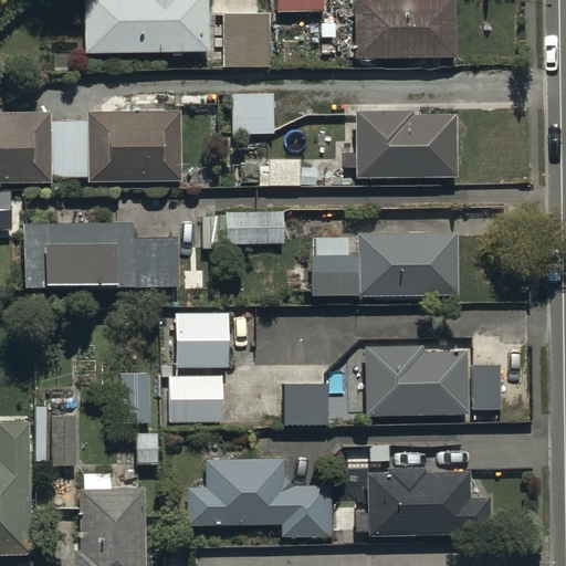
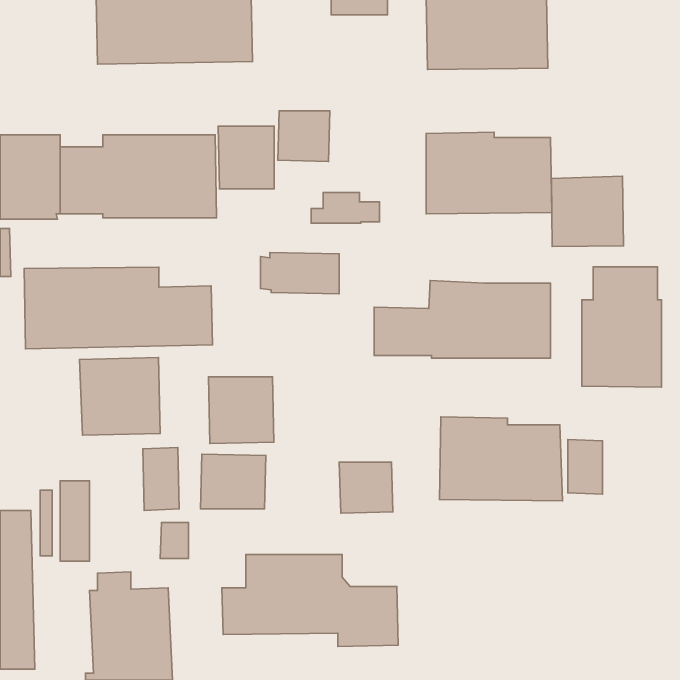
building: [223,13,270,65] -> [218,126,274,189]
building: none -> [551,176,623,247]
building: none -> [582,267,661,387]
building: none -> [79,358,160,435]
building: [366,468,490,533] -> none

